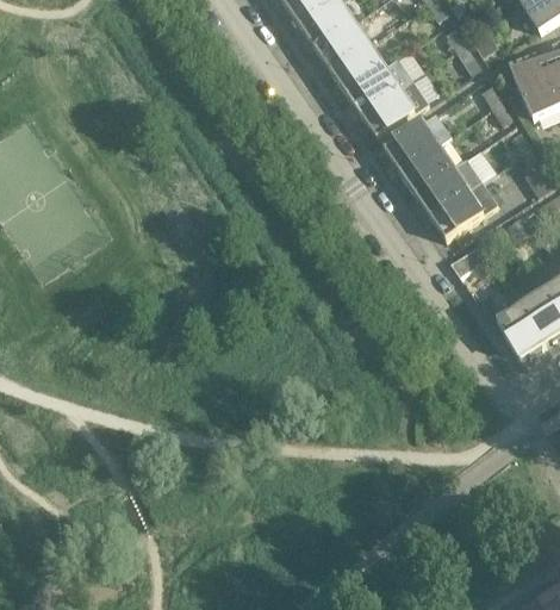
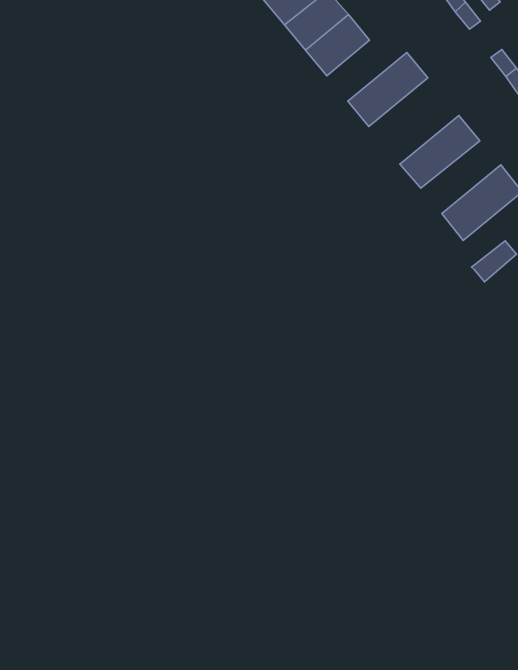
building: [344,52,412,111] -> none
building: [382,107,450,167] -> none
building: [413,154,481,211] -> none

